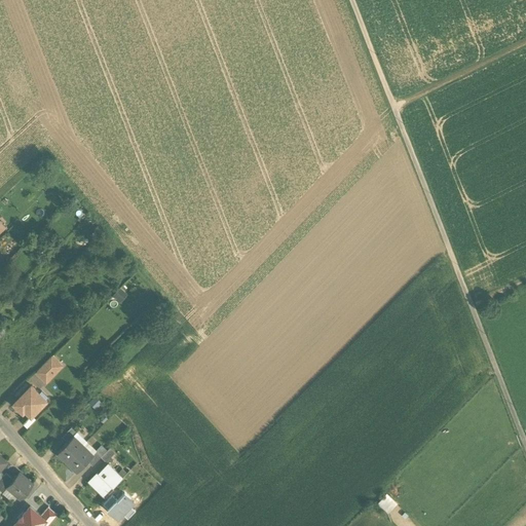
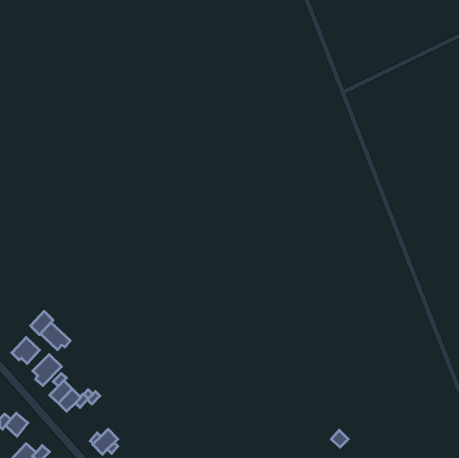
building: none -> [40,323,70,350]
building: none -> [33,354,62,386]
building: [87,464,122,497] -> none

